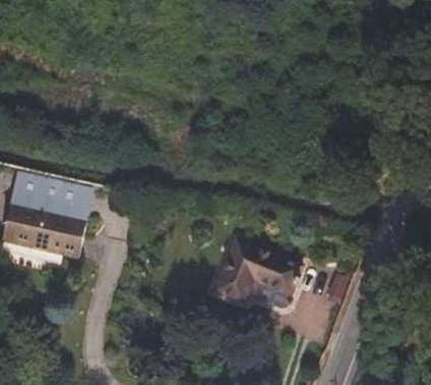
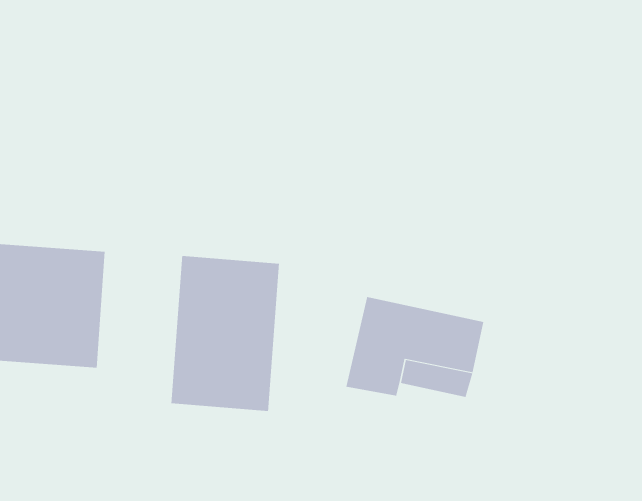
building: none -> [171,255,279,412]

